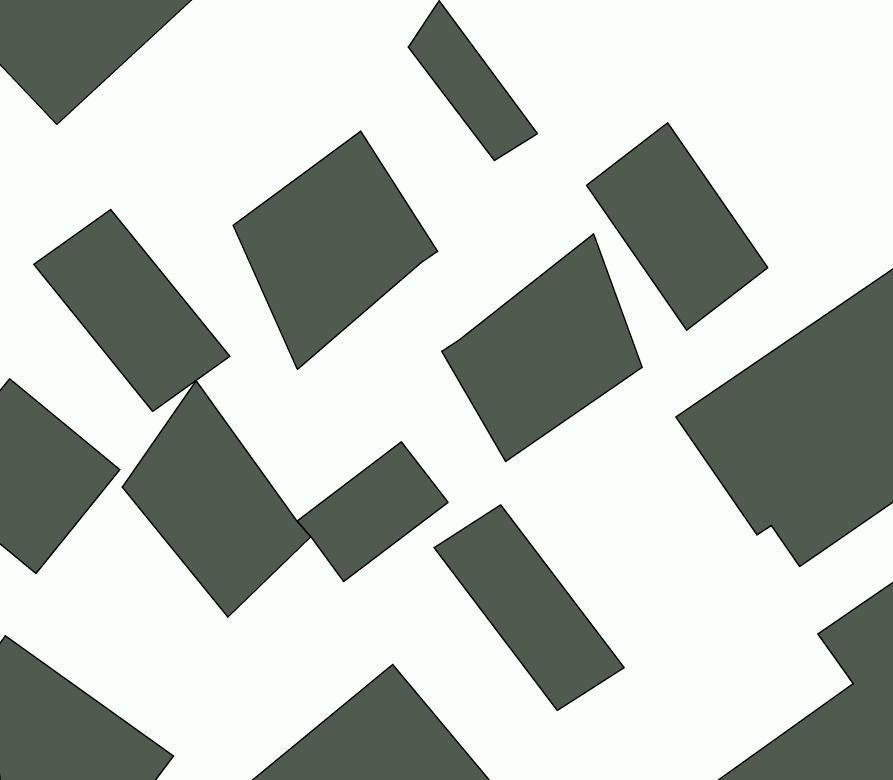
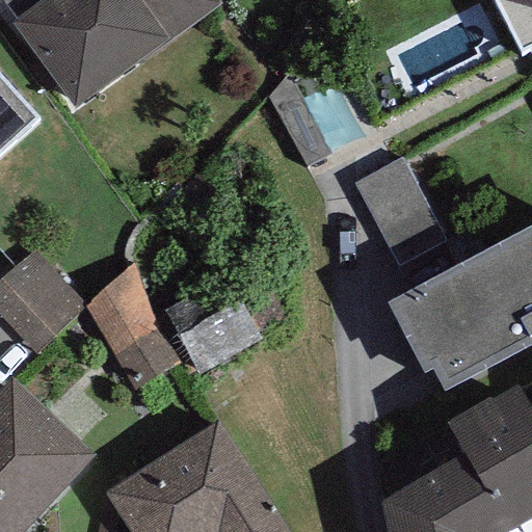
building: [233,131,438,369] -> none
building: [34,209,230,411] -> none
building: [442,234,642,462] -> none
building: [434,505,624,710] -> none

